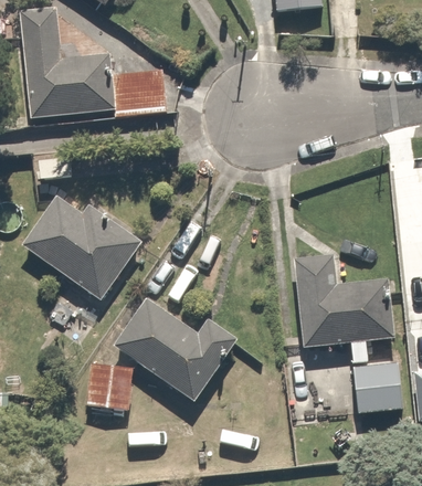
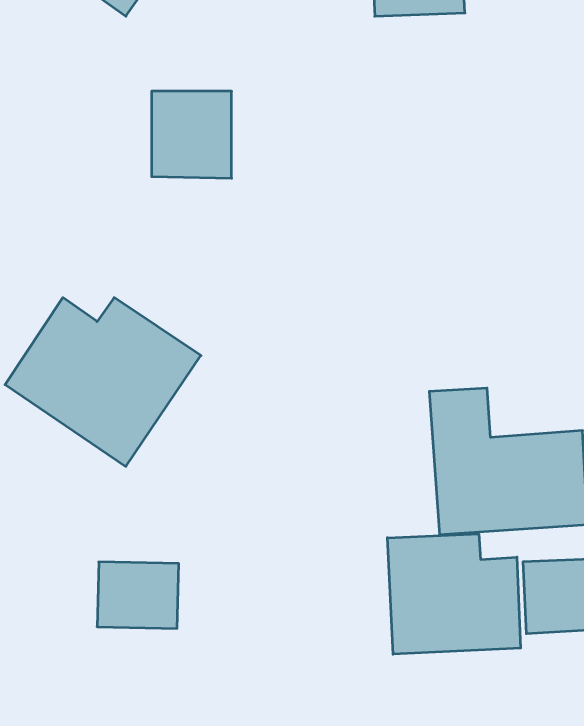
building: [23,9,109,115] -> none
building: [119,293,246,399] -> none
building: none -> [387,534,521,654]

